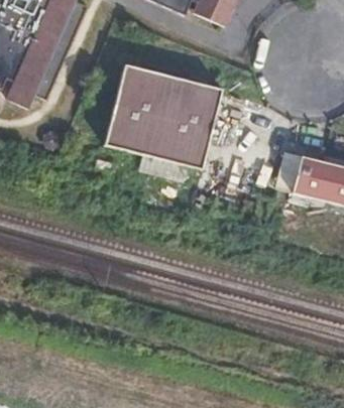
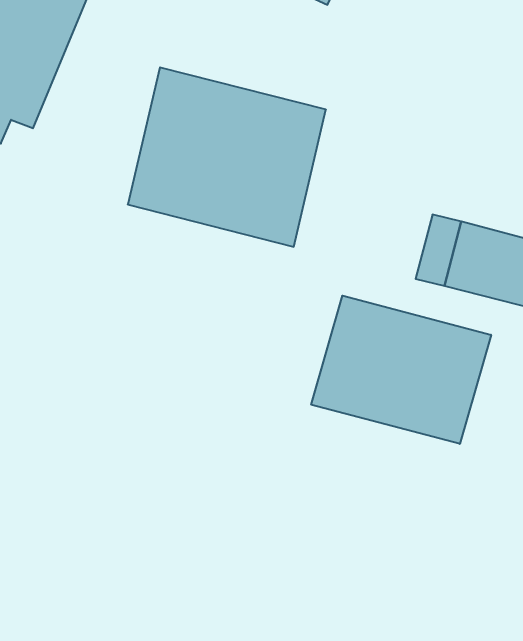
building: none -> [311,296,491,444]

